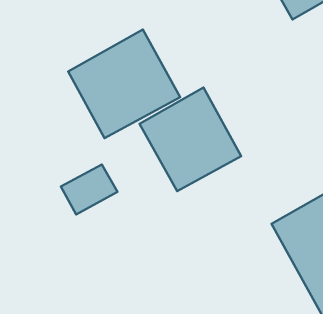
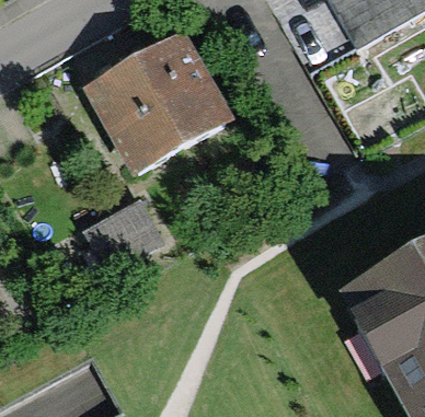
building: [140,88,241,191] -> none

